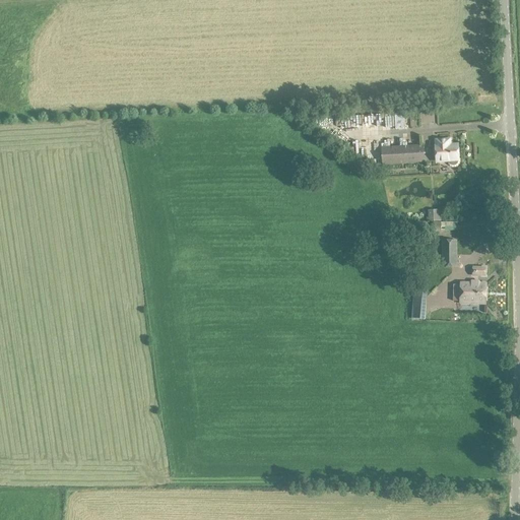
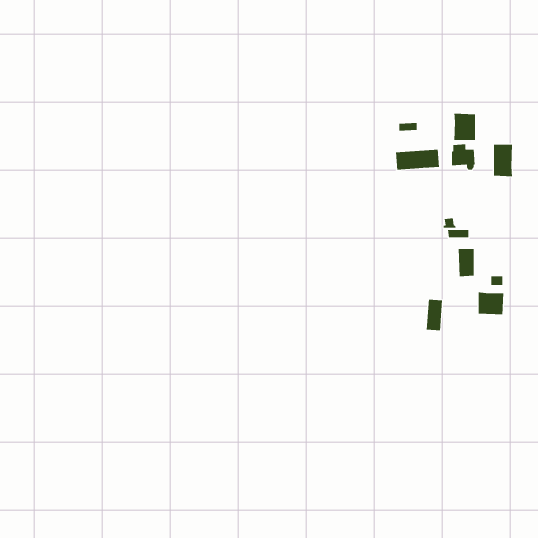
building: none -> [454,113,475,141]
building: none -> [494,144,513,177]

